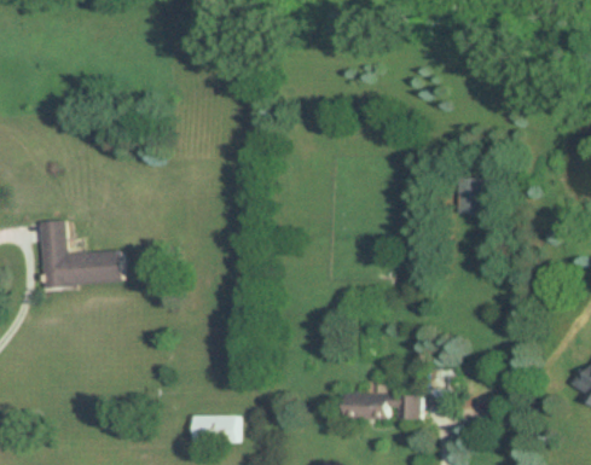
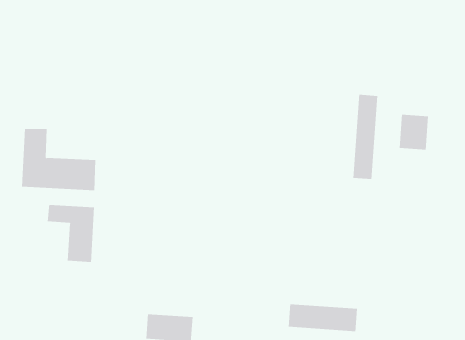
building: none -> [353,94,378,180]
building: none -> [47,204,94,263]

